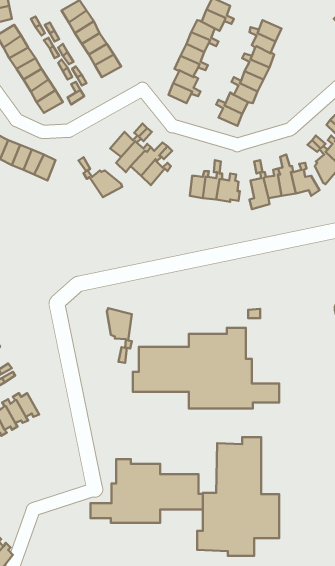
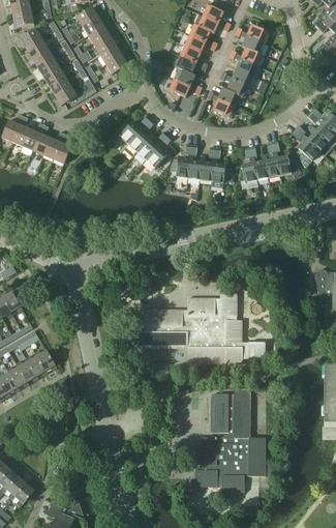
building: none -> [170,143,193,177]
building: [78,157,122,197] -> none
building: [107,308,132,363] -> none
building: [91,459,203,523] -> none

